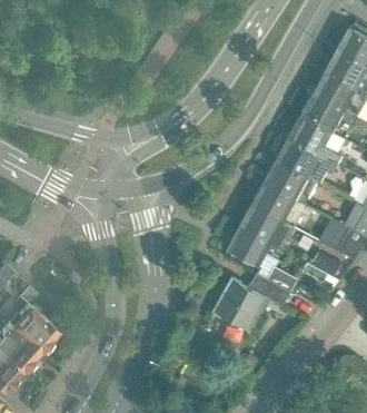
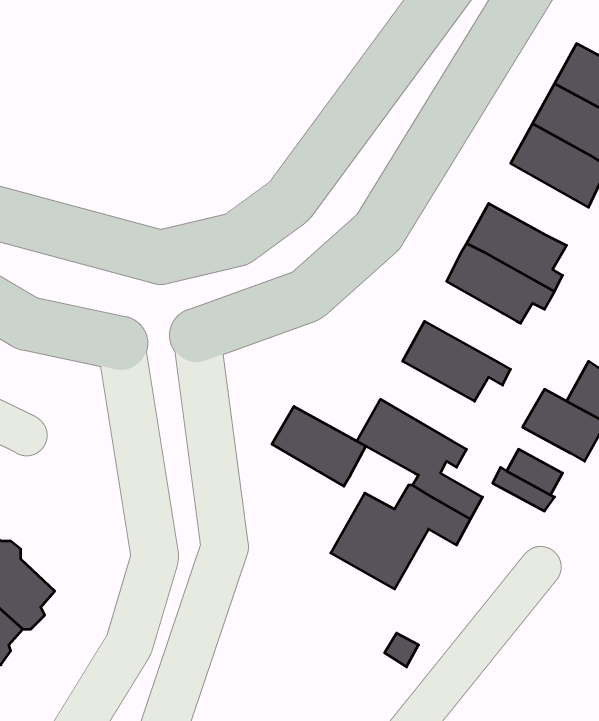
building: [300,95,356,135] -> none
building: [265,160,316,205] -> none
building: [240,205,292,249] -> [272,406,366,486]

